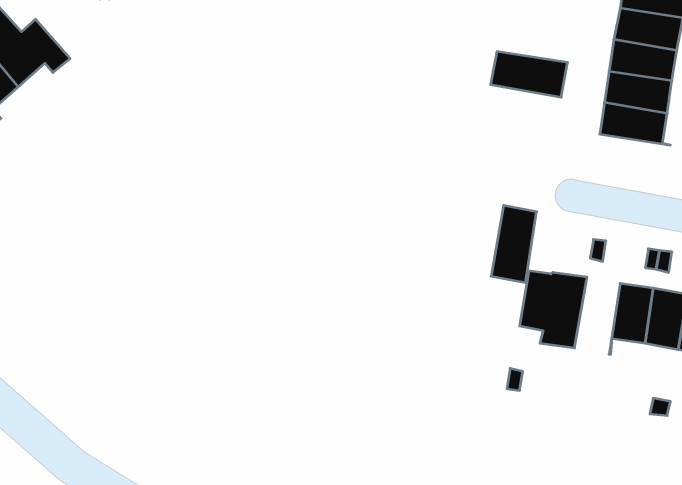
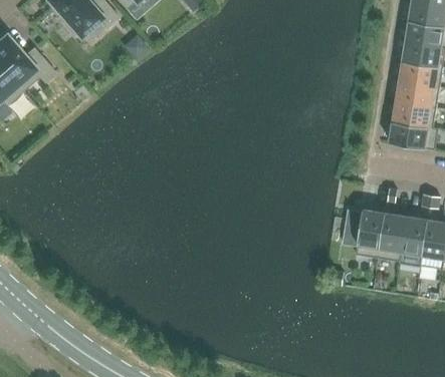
building: [491,52,568,97] -> [388,121,437,150]
building: [491,205,537,283] -> [376,213,405,262]

